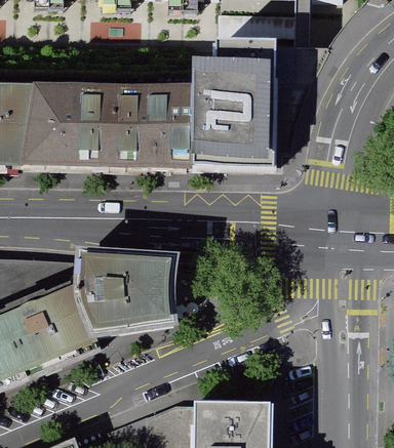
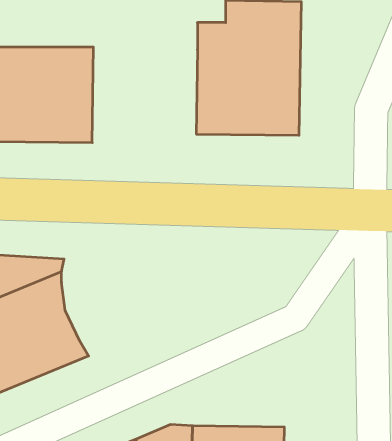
building: [104,83,192,165] -> none
building: [78,260,173,329] -> none

